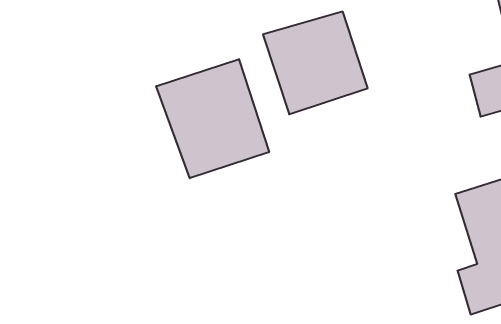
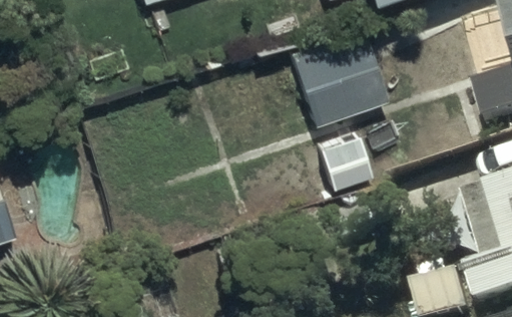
building: [156,59,269,178] -> none

